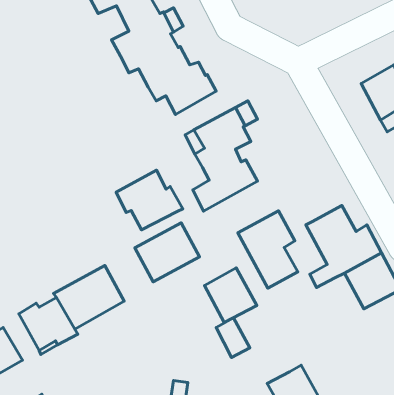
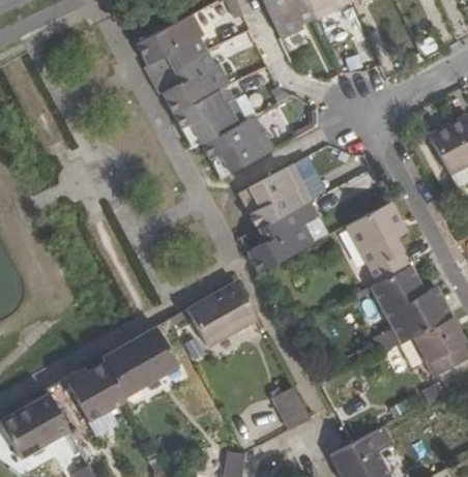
building: [116,170,183,230] -> none
building: [238,211,298,288] -> [345,201,409,284]
building: [204,268,257,322] -> none

